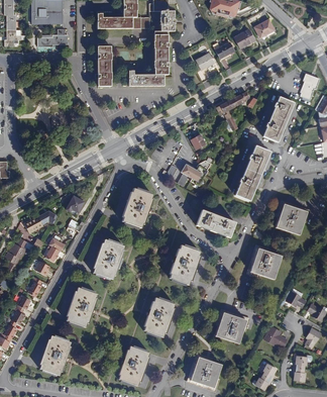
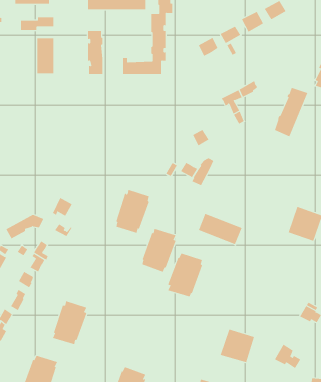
building: none -> [37,37,54,74]
building: [235,145,269,201] -> none
building: [93,239,124,279] -> [142,228,177,272]
building: [250,247,282,279] -> none
building: [143,297,175,336] -> none

